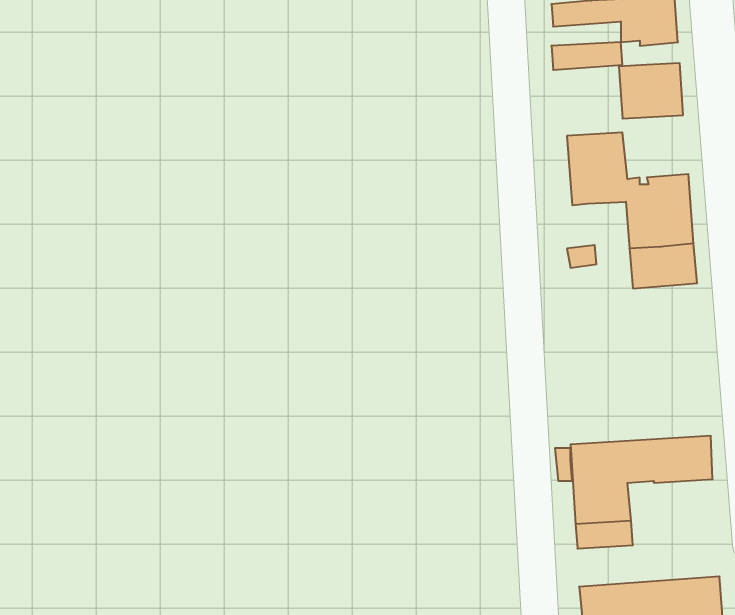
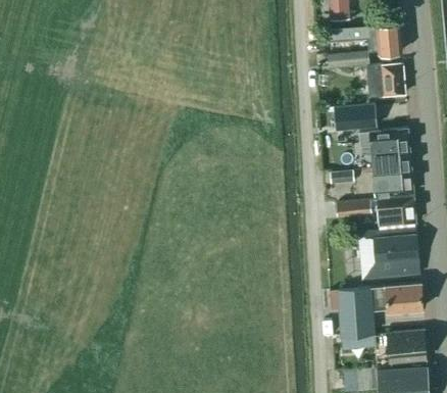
building: none -> [336,197,416,227]
building: none -> [358,229,420,280]
building: none -> [387,331,427,362]

